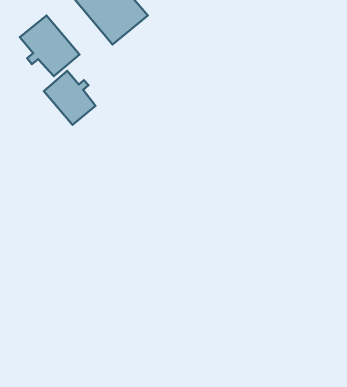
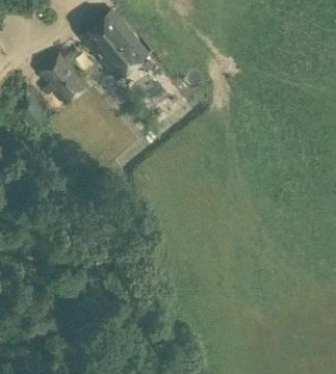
building: [44,71,96,125] -> none

